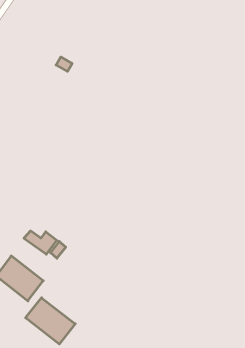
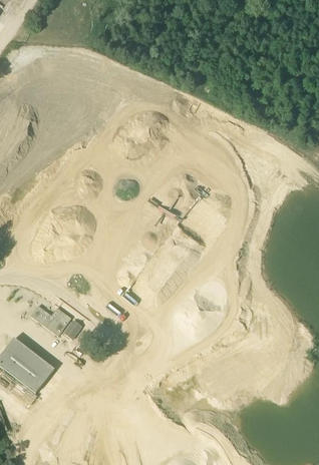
building: [26,298,75,344] -> none

